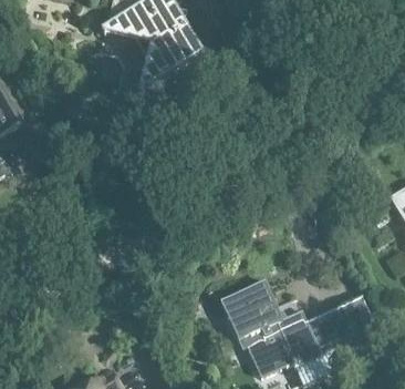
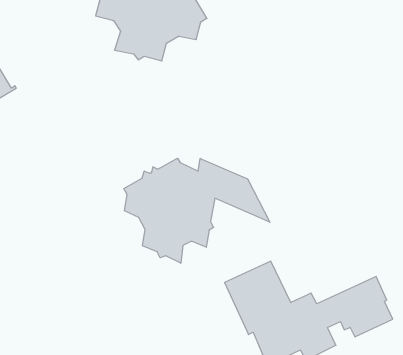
building: none -> [124,158,270,263]

